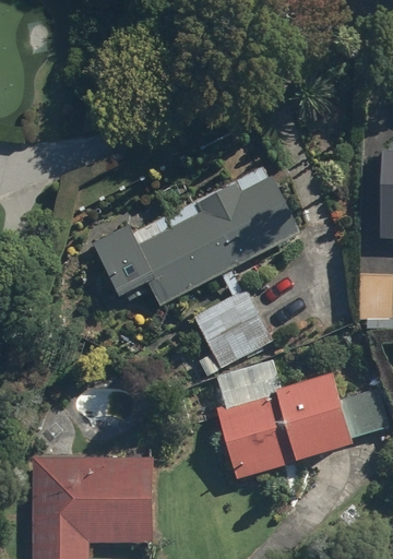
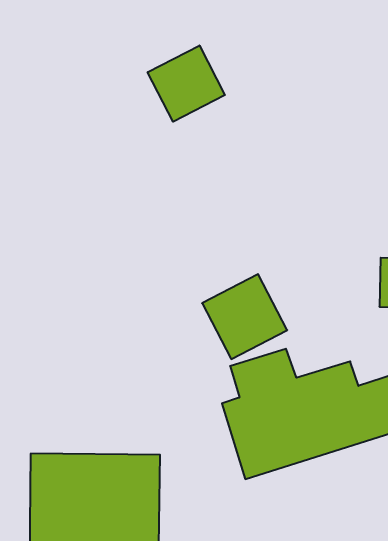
building: none -> [148,45,225,122]
building: [92,176,301,307] -> none

